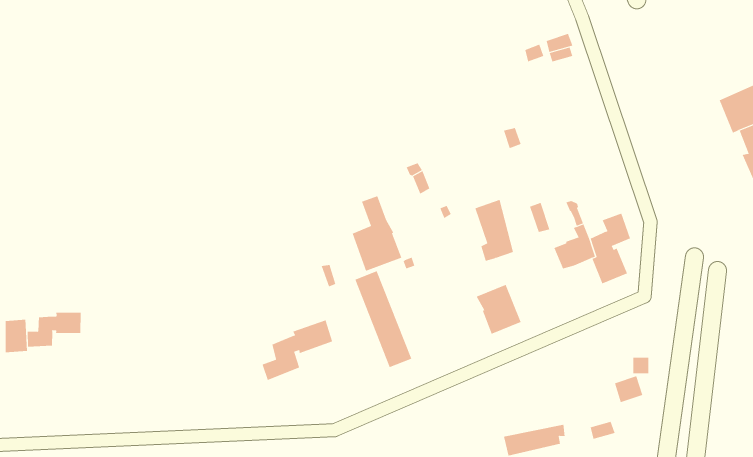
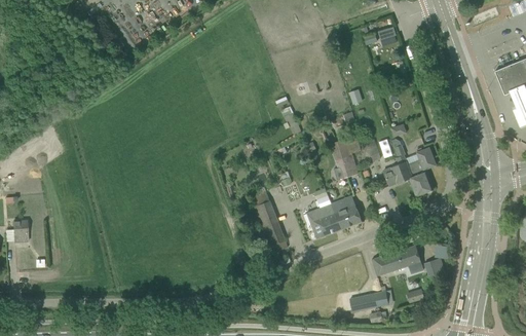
building: [352,195,402,271] -> [308,187,342,238]
building: [27,312,81,347] -> none
building: [262,319,333,381] -> none
building: none -> [373,245,424,275]

